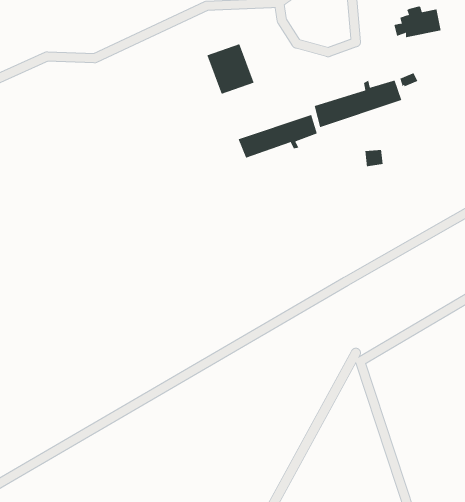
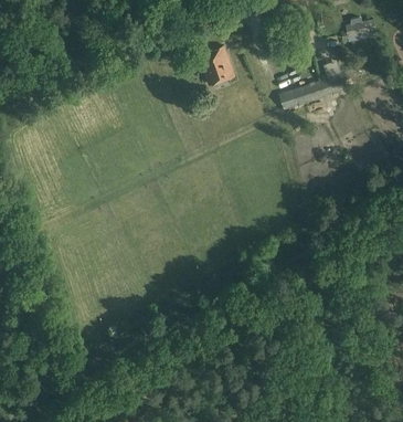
building: [238,114,318,159] -> none

